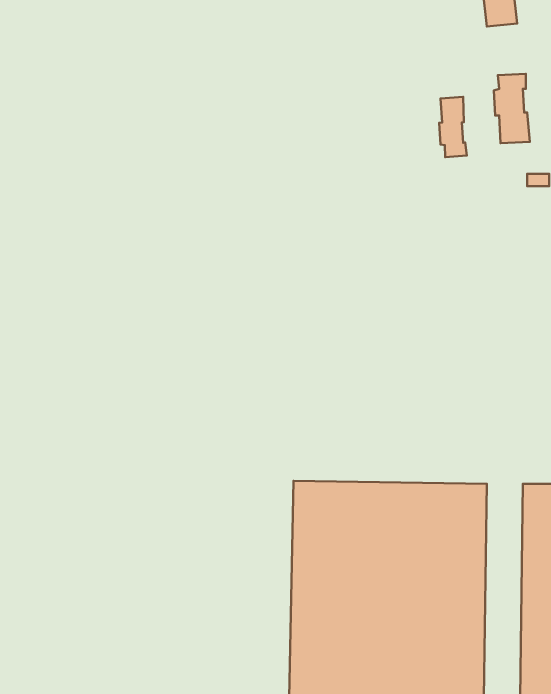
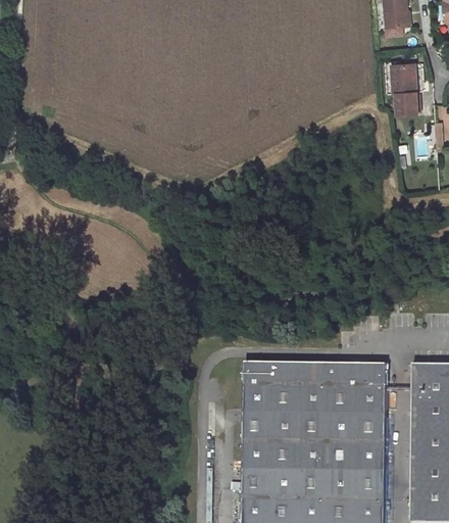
building: [439,97,467,157] -> none

